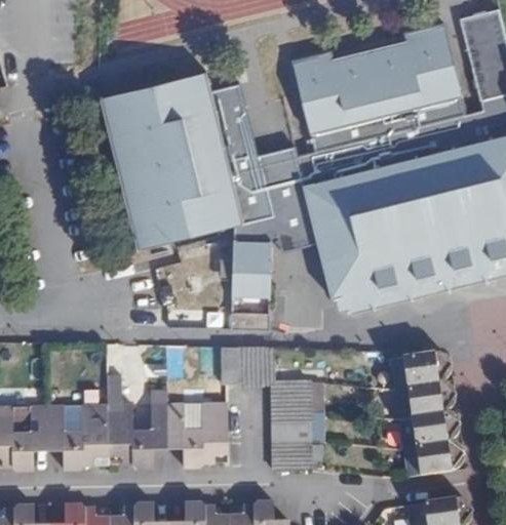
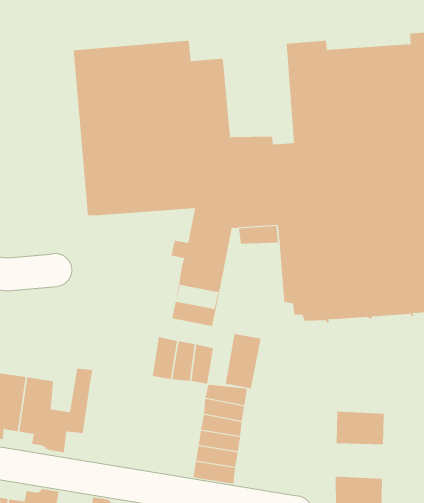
building: none -> [225,333,261,389]
building: [391,354,439,388] -> none
building: [167,402,229,467] -> none
building: [399,411,447,447] -> none

